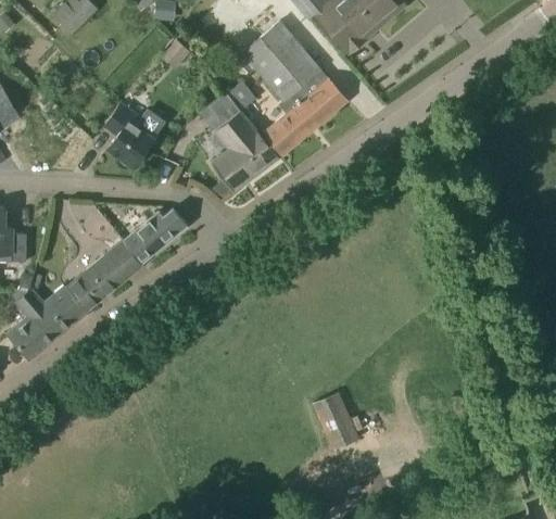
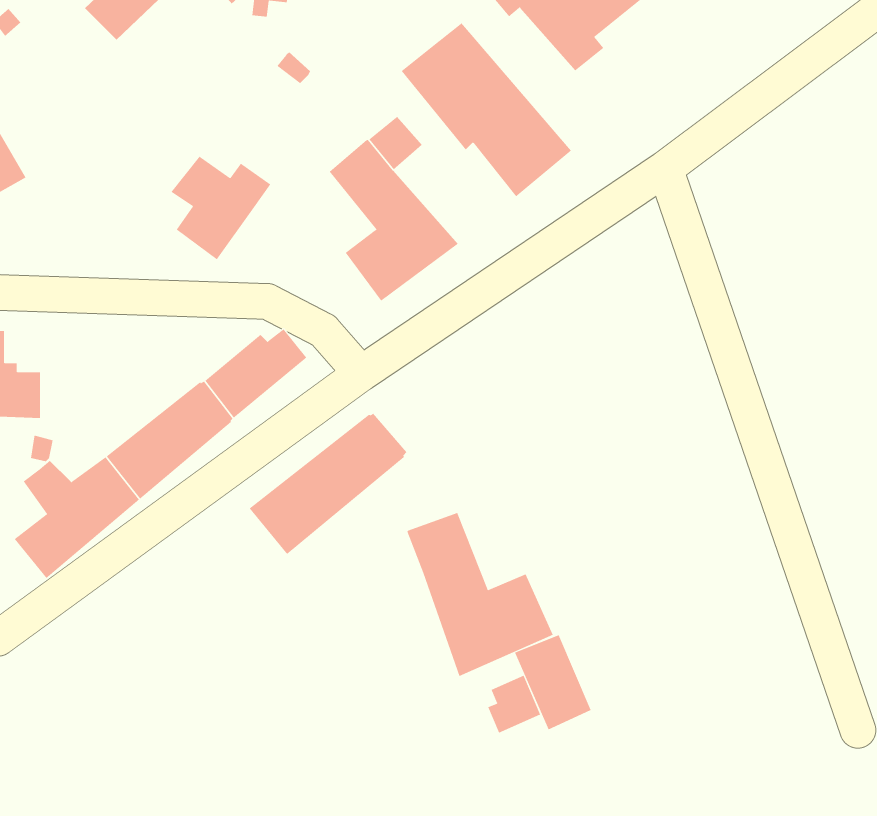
building: [264,106,313,154] -> none
building: none -> [249,413,407,555]
building: none -> [407,512,553,677]
building: none -> [487,675,541,734]

